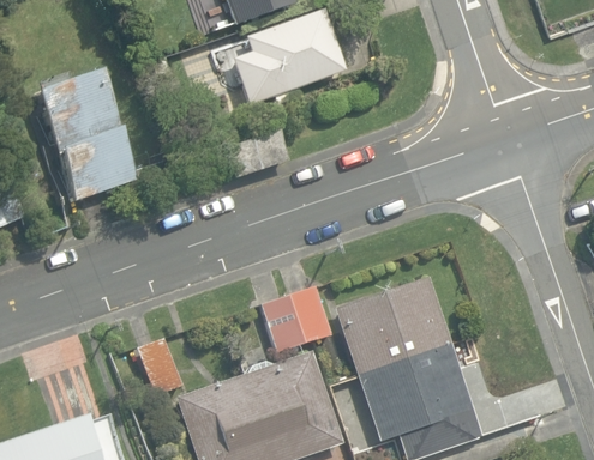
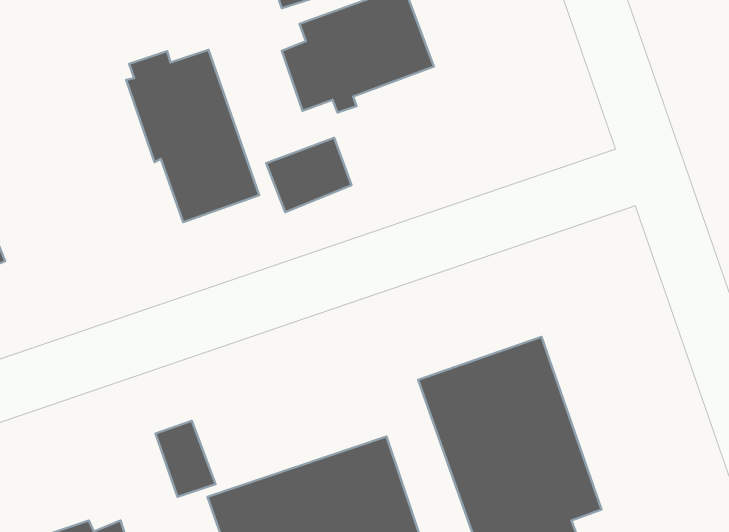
building: [34,72,134,202] -> [126,50,259,222]
building: [262,286,332,355] -> none

